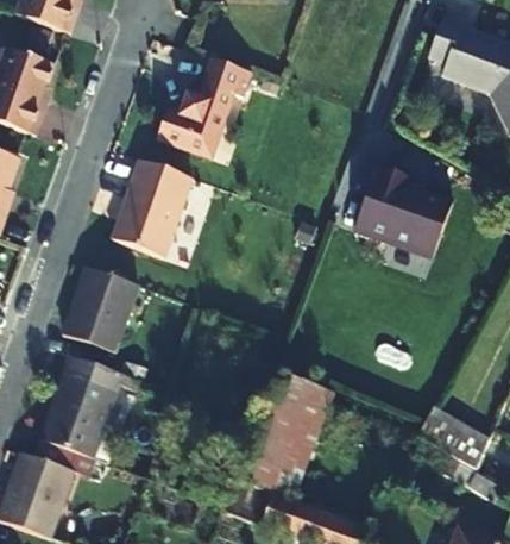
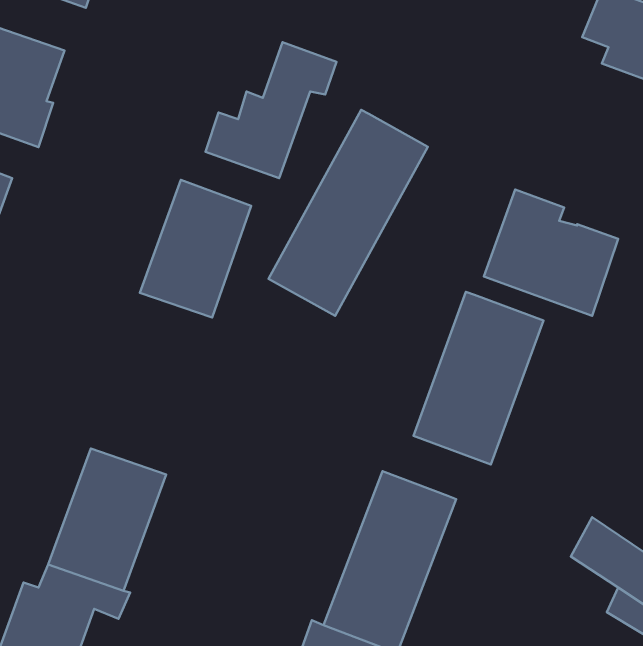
building: none -> [269,110,428,316]
building: none -> [413,292,543,464]
building: [64,268,139,354] -> none

